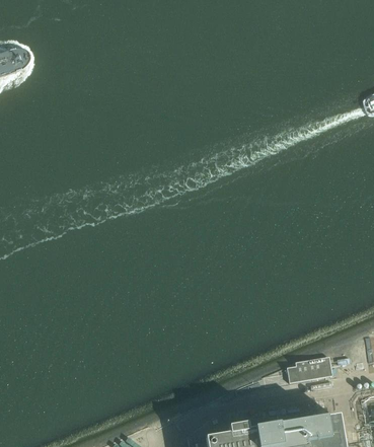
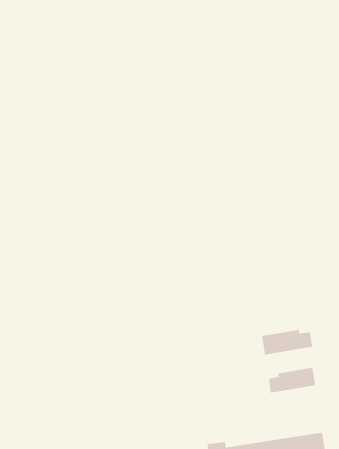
building: none -> [261,329,313,355]

